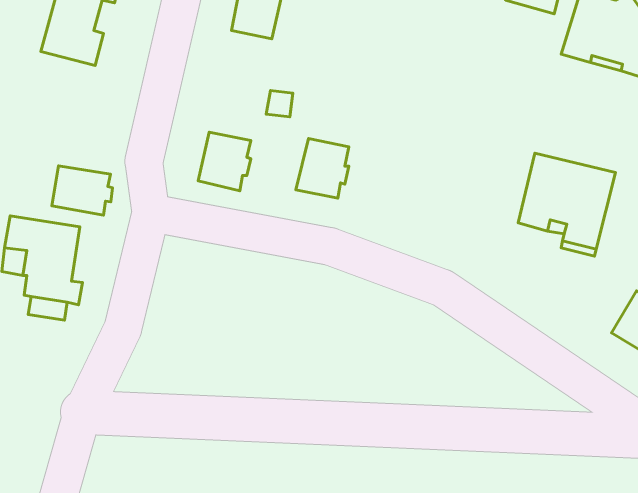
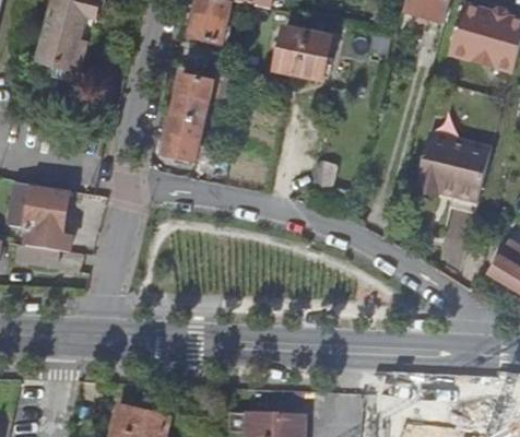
building: none -> [274,26,329,79]
building: [296,138,349,198] -> [170,74,212,121]
building: [52,166,113,215] -> none

